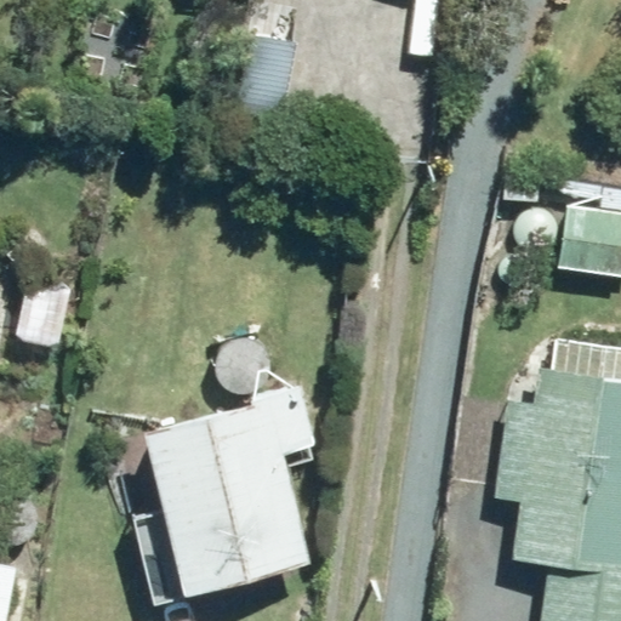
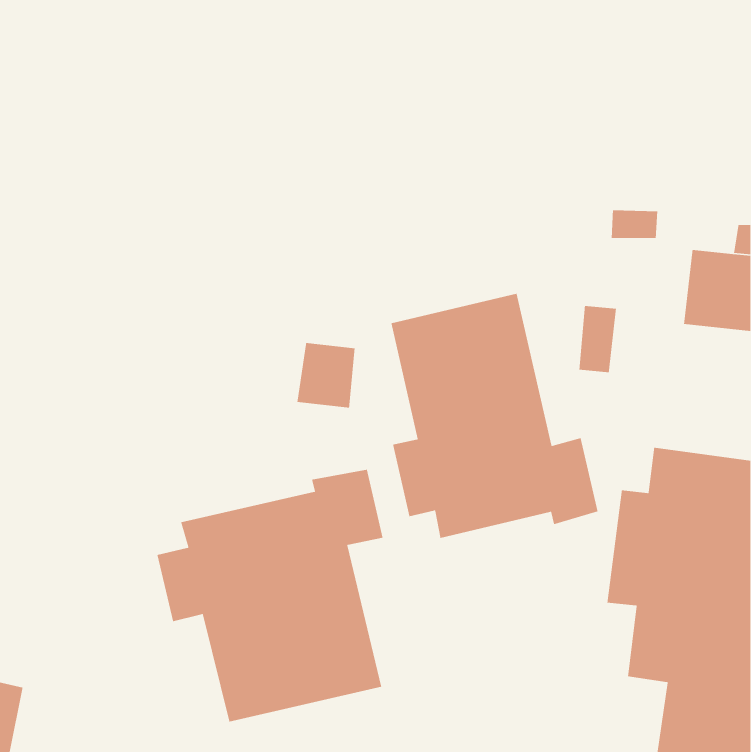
building: none -> [391,293,599,539]

